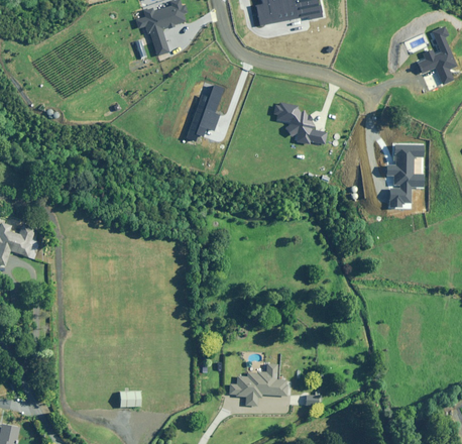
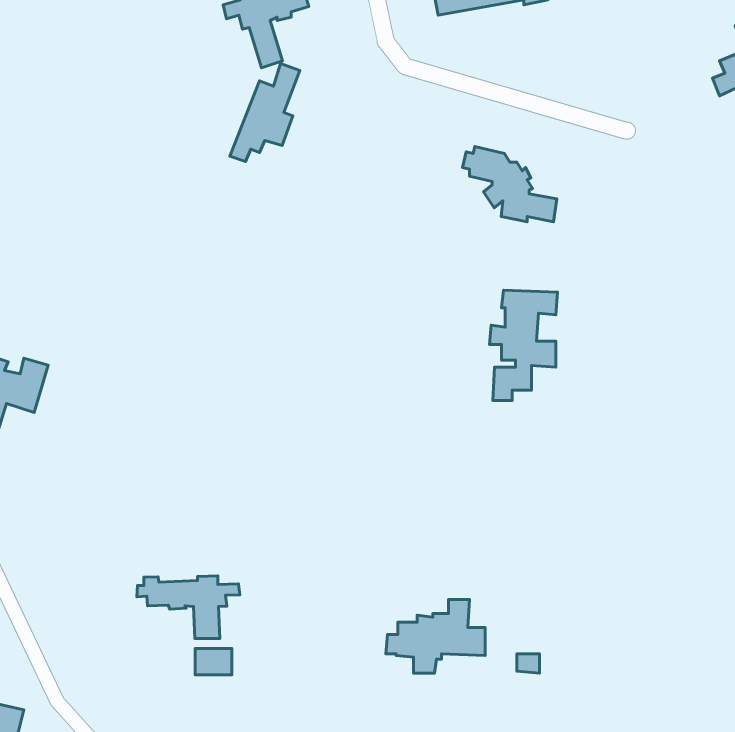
building: [185,85,225,141] -> [230,63,300,161]
building: [386,144,426,208] -> [489,290,558,401]
building: none -> [137,576,240,638]

